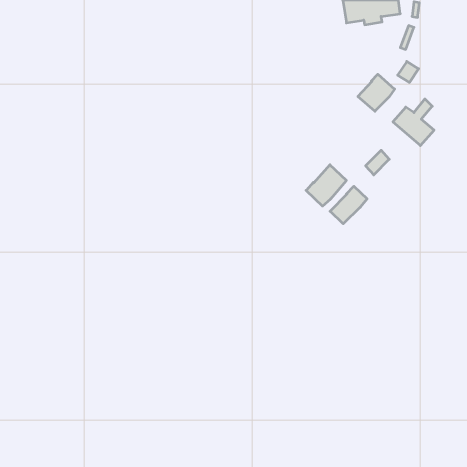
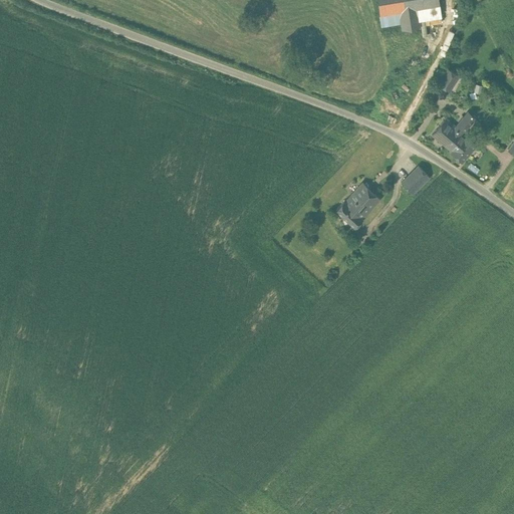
building: [358,74,395,111] -> none
building: [330,186,367,224] -> none

